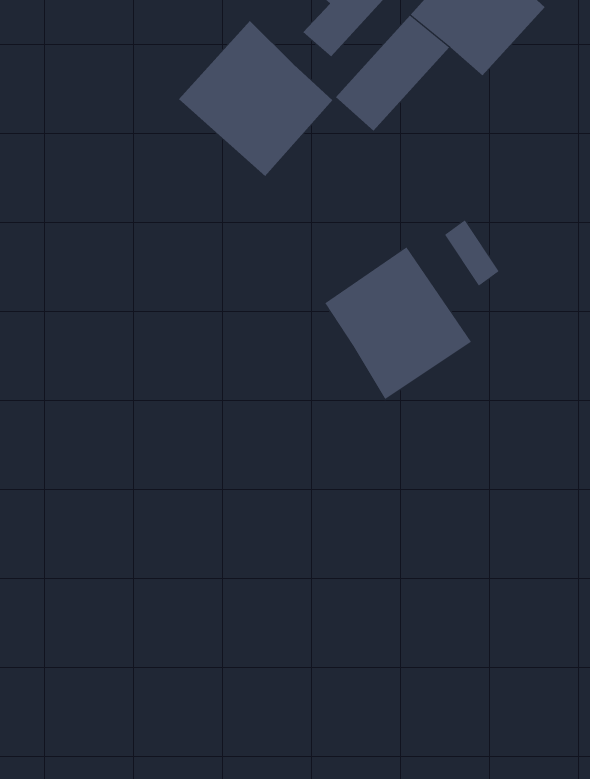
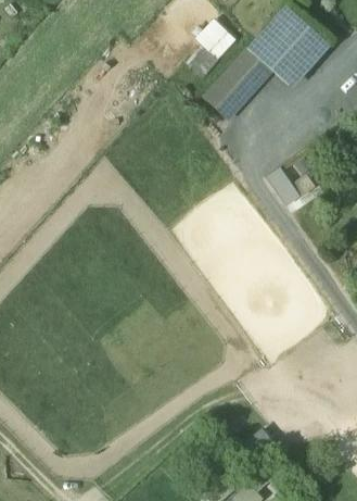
building: [178,20,333,177] -> none
building: [324,247,472,400] -> none

